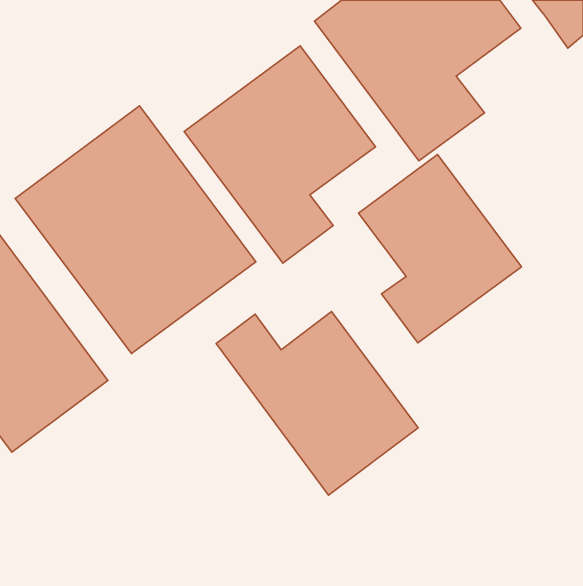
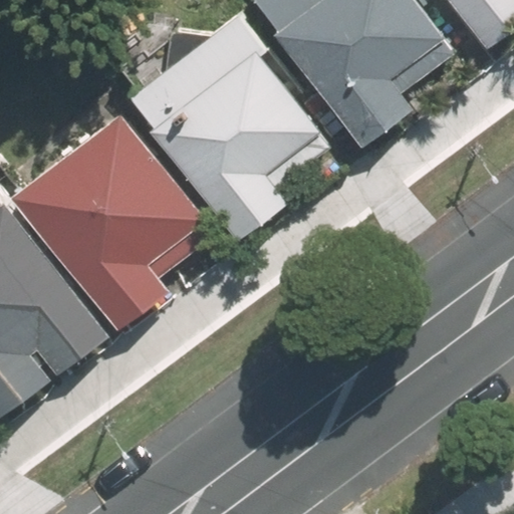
building: [358,155,521,343] -> none
building: [216,312,418,495] -> none

